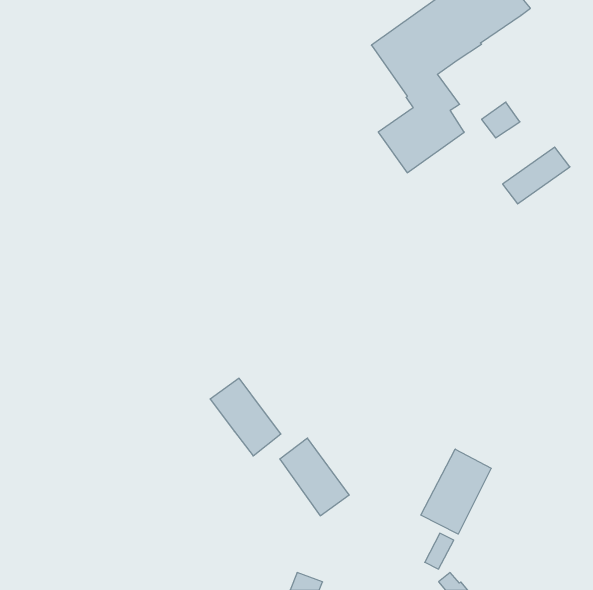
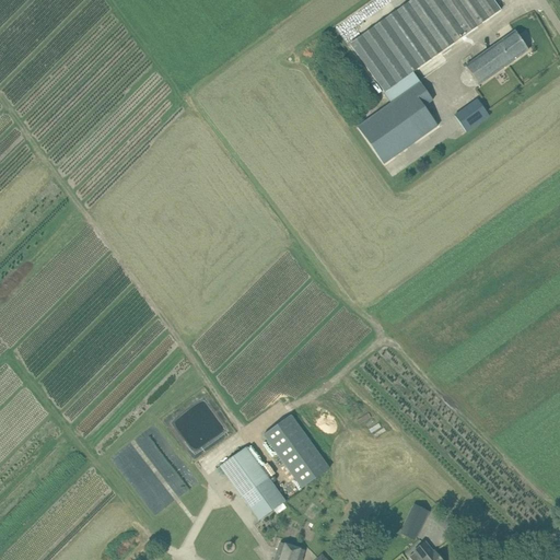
building: [503,147,570,204] -> [465,30,528,83]
building: [210,378,281,456] -> [219,445,285,518]
building: [421,449,491,534] -> none

